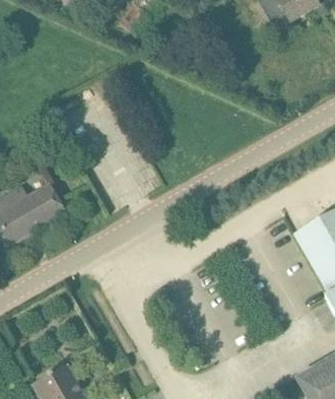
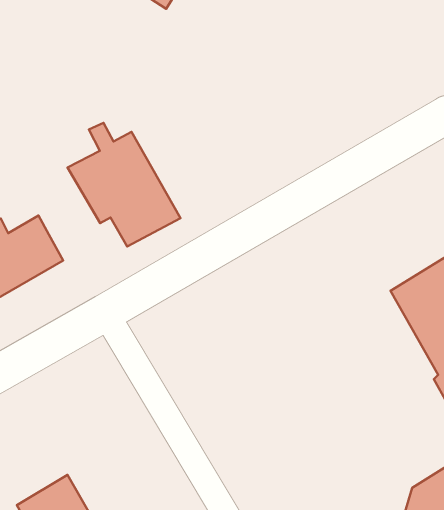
building: none -> [67,123,180,246]

